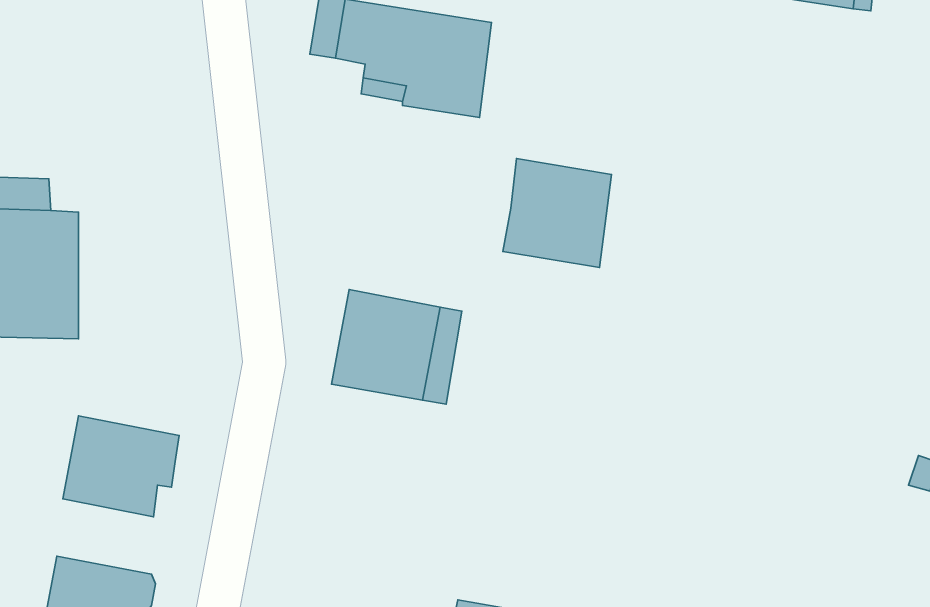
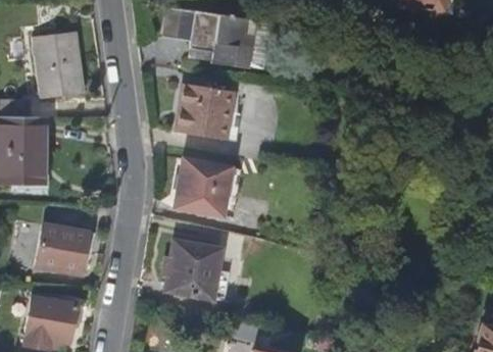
building: none -> [33,32,84,98]
building: [503,159,611,267] -> [176,84,232,140]
building: none -> [163,241,220,300]

